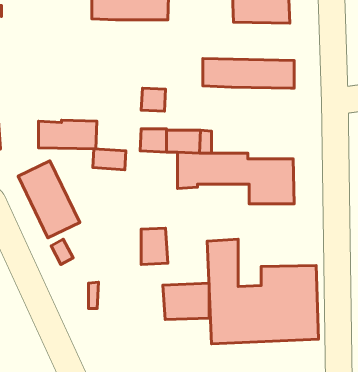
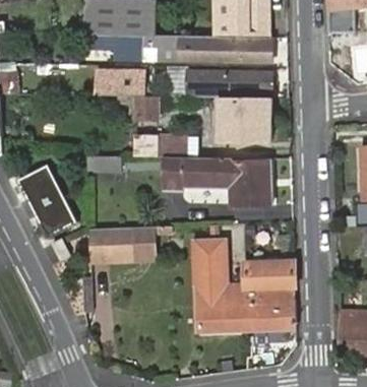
building: none -> [109,35,274,61]
building: none -> [215,96,270,141]
building: [39,120,97,149] -> [91,68,145,94]
building: [163,283,209,319] -> [89,228,132,261]

